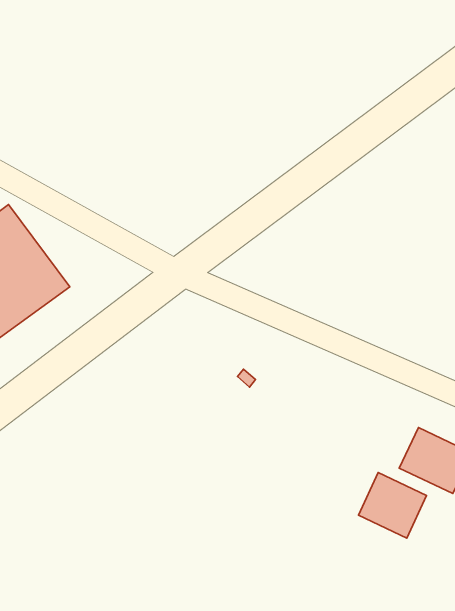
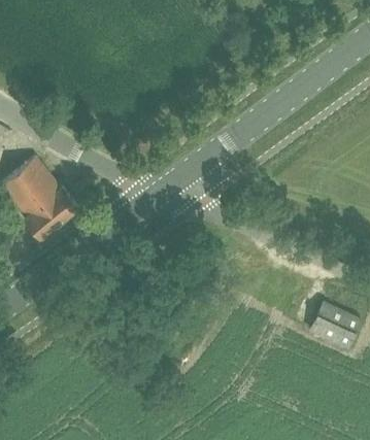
building: [359,473,427,538] -> none

